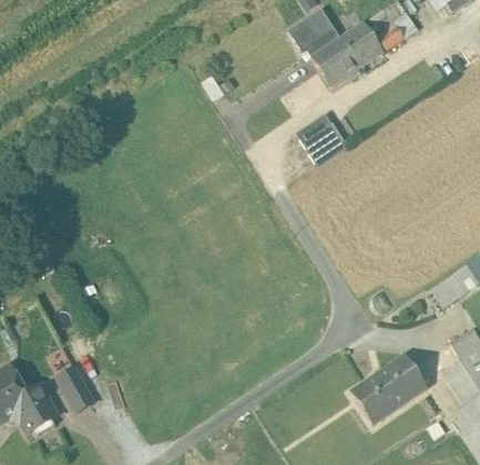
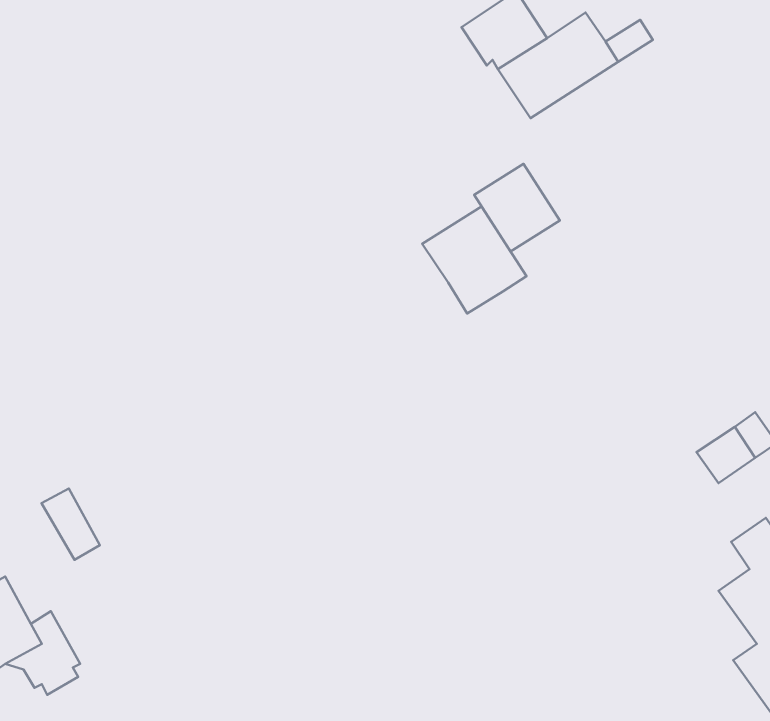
building: none -> [422,206,527,314]
building: [351,355,426,423] -> none
building: [57,369,92,412] -> [42,489,100,560]

